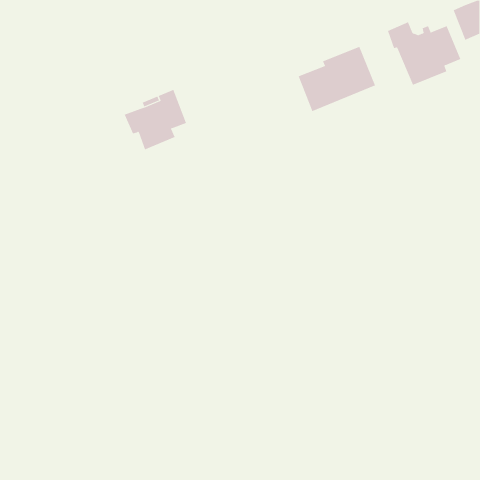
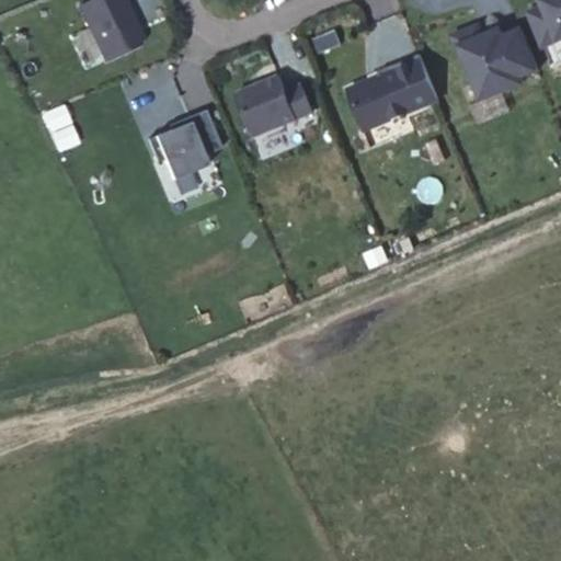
building: none -> [90,4,145,60]
building: none -> [234,77,312,137]

